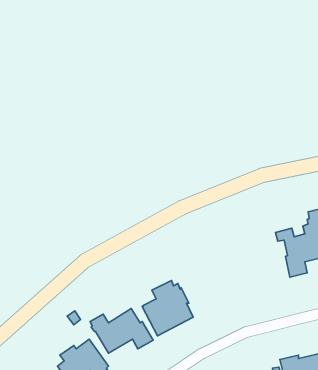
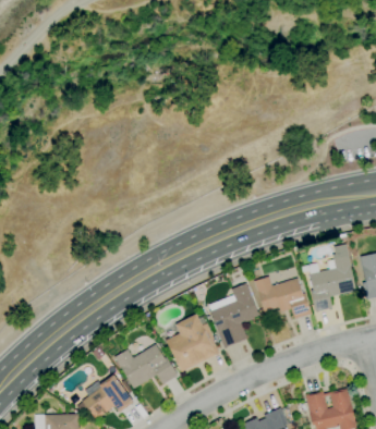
building: none -> [254,269,312,319]
building: none -> [208,283,258,347]

